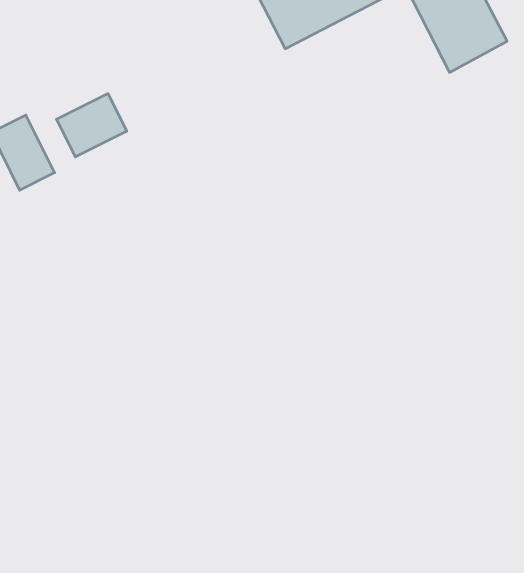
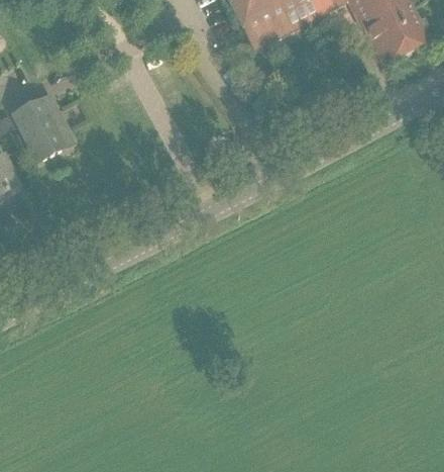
building: [56,94,127,157] -> none

